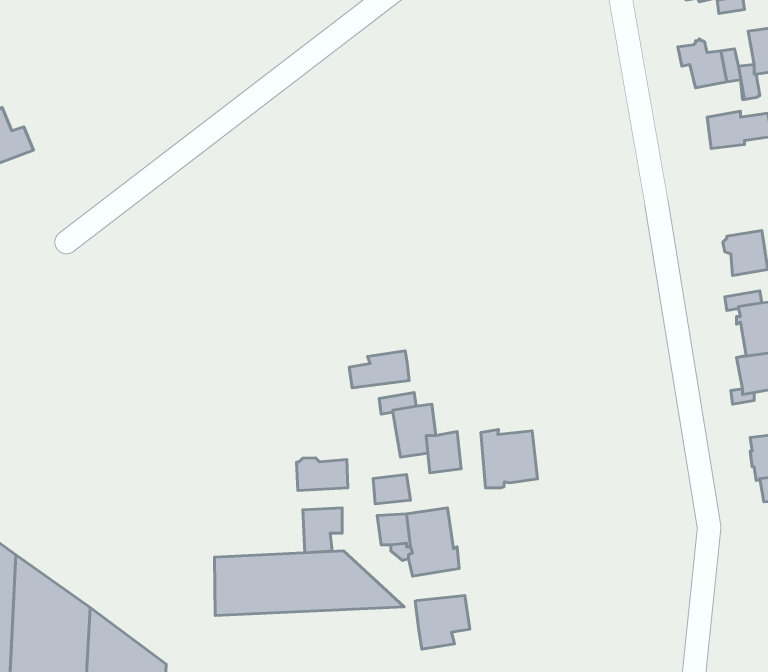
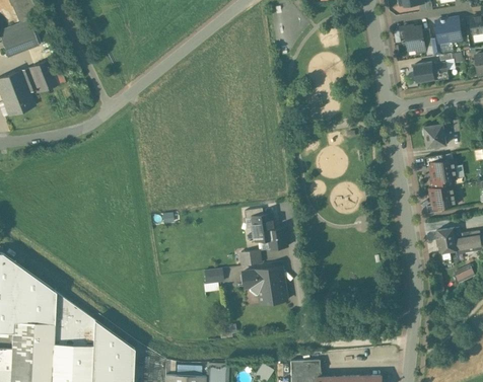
building: [349,351,409,388] -> none
building: [481,429,537,488] -> none
building: [296,458,348,491] -> none
building: [215,551,404,616] -> none
building: [415,595,470,649] -> none

